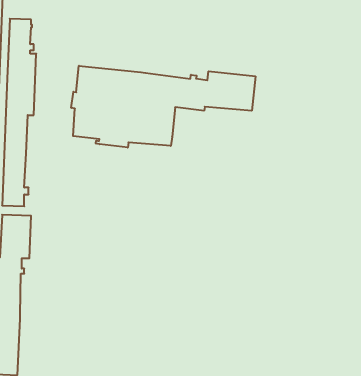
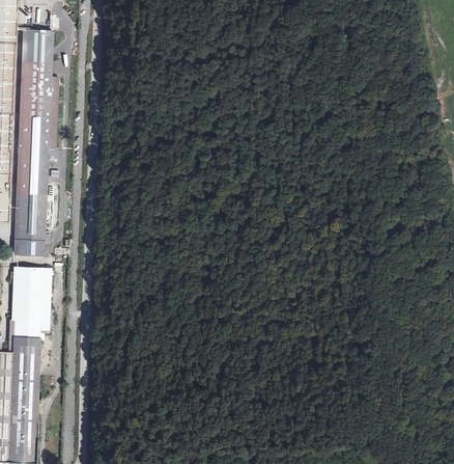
building: [71,66,255,148] -> none

